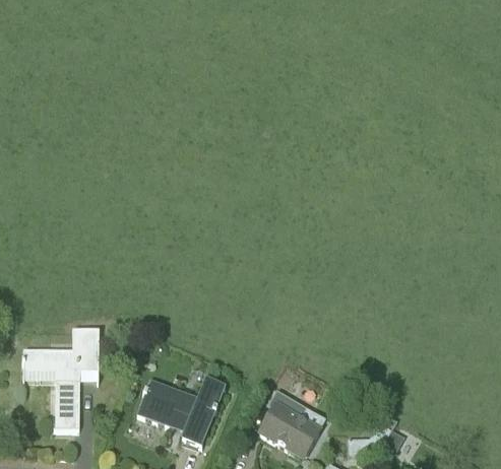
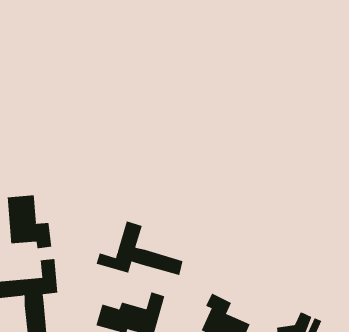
building: none -> [7,195,52,249]
building: none -> [96,220,184,276]

